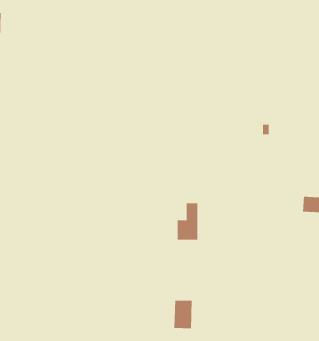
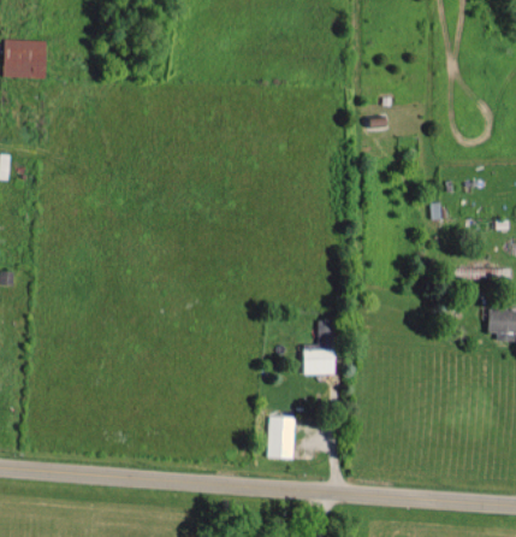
building: [174,300,192,329] -> [267,418,295,460]

